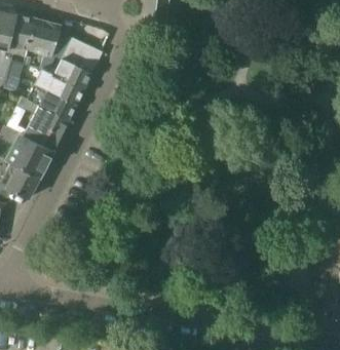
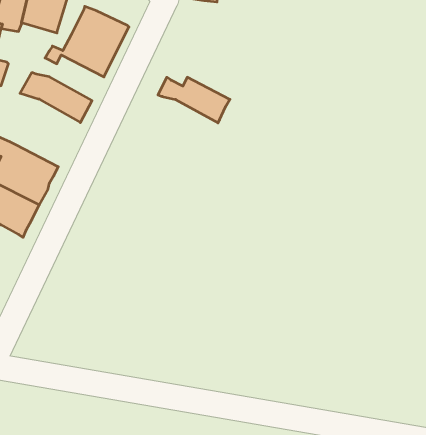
building: [35,74,85,106] -> [158,77,230,123]
building: [18,99,69,152] -> none

